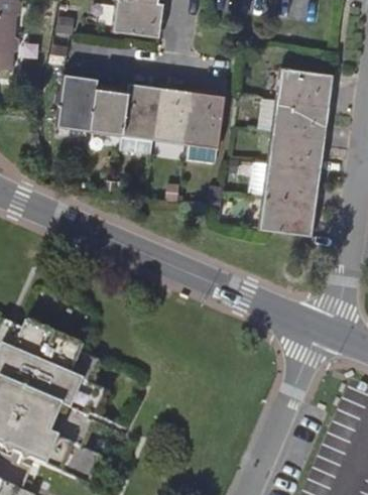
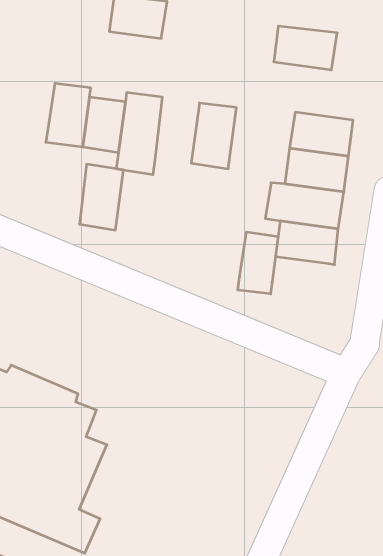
building: [276,69,332,107] -> [274,26,337,70]
building: [154,87,193,144] -> [80,164,124,230]
building: none -> [238,232,278,294]

